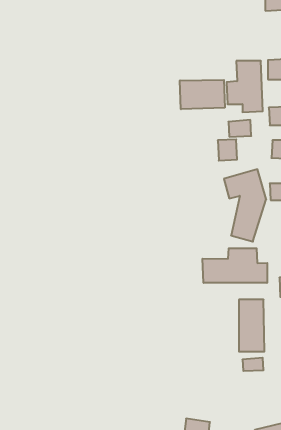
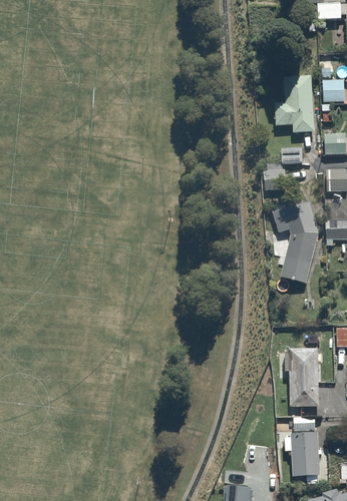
building: [180,80,225,109] -> none
building: [203,248,267,283] -> none
building: none -> [287,432,322,484]

